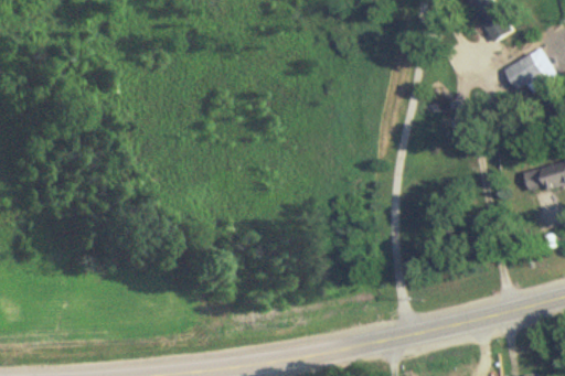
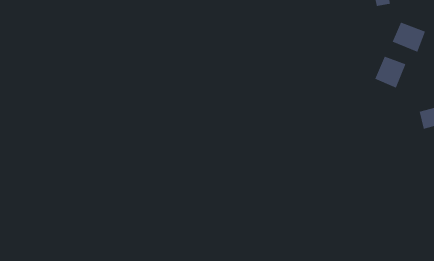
building: none -> [374,56,406,88]

